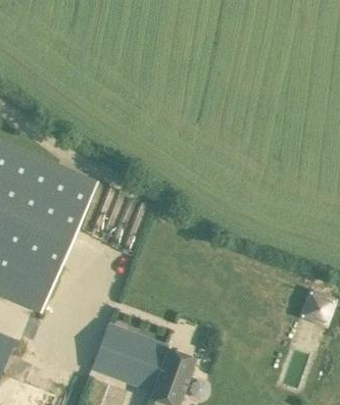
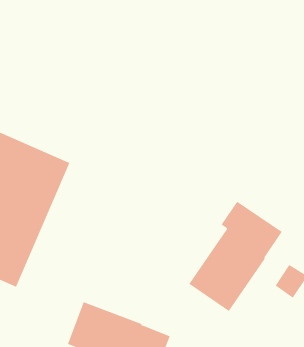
building: none -> [188,201,282,312]

